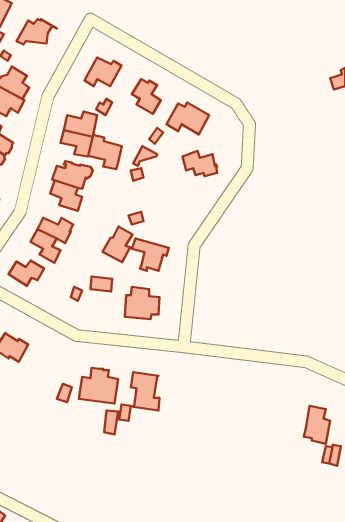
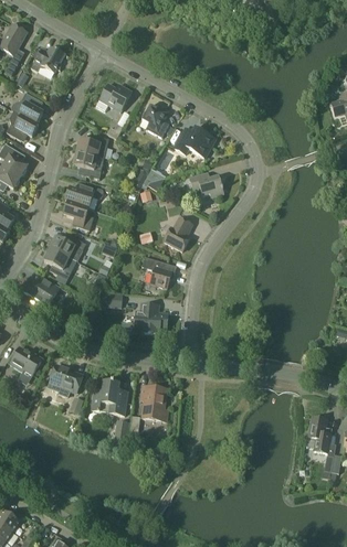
building: [88,135,122,169] -> none
building: [103,226,133,262] -> [164,216,192,250]
building: none -> [50,364,83,392]

